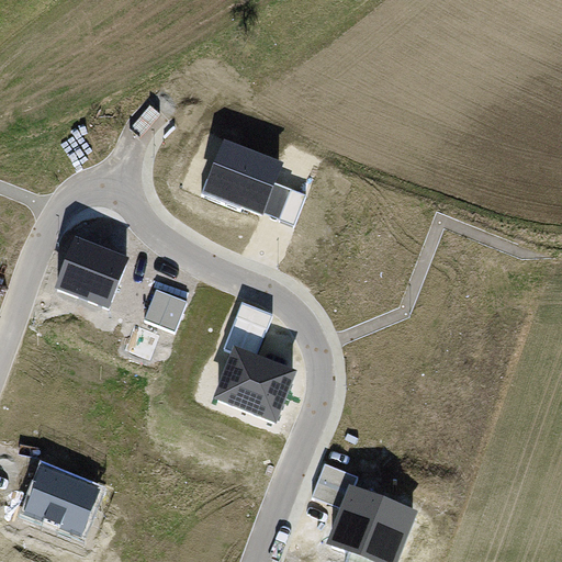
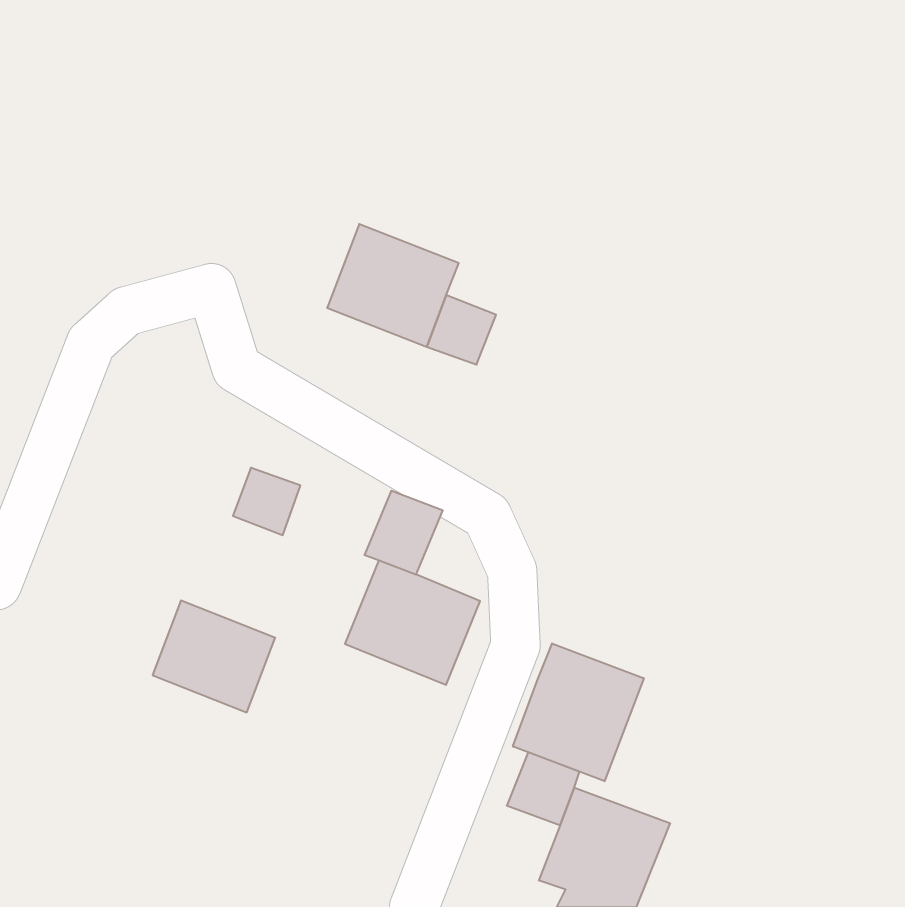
building: [54,236,128,308] -> none
building: none -> [513,643,644,781]
building: [22,464,98,533] -> [153,600,275,712]

